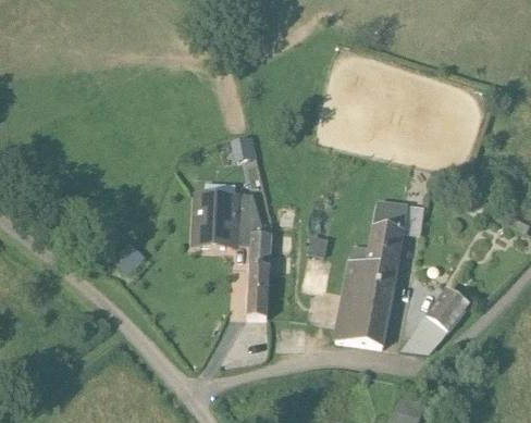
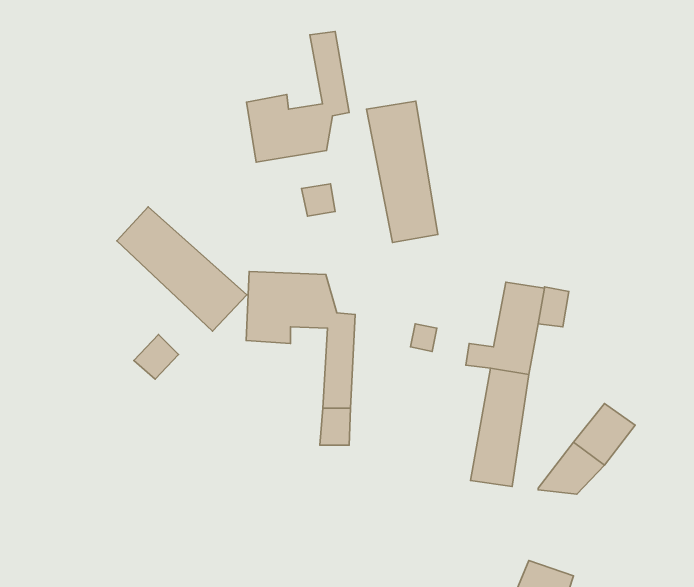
building: none -> [246,32,349,162]
building: none -> [367,101,438,243]
building: none -> [117,207,247,331]
building: [335,261,367,343] -> none

